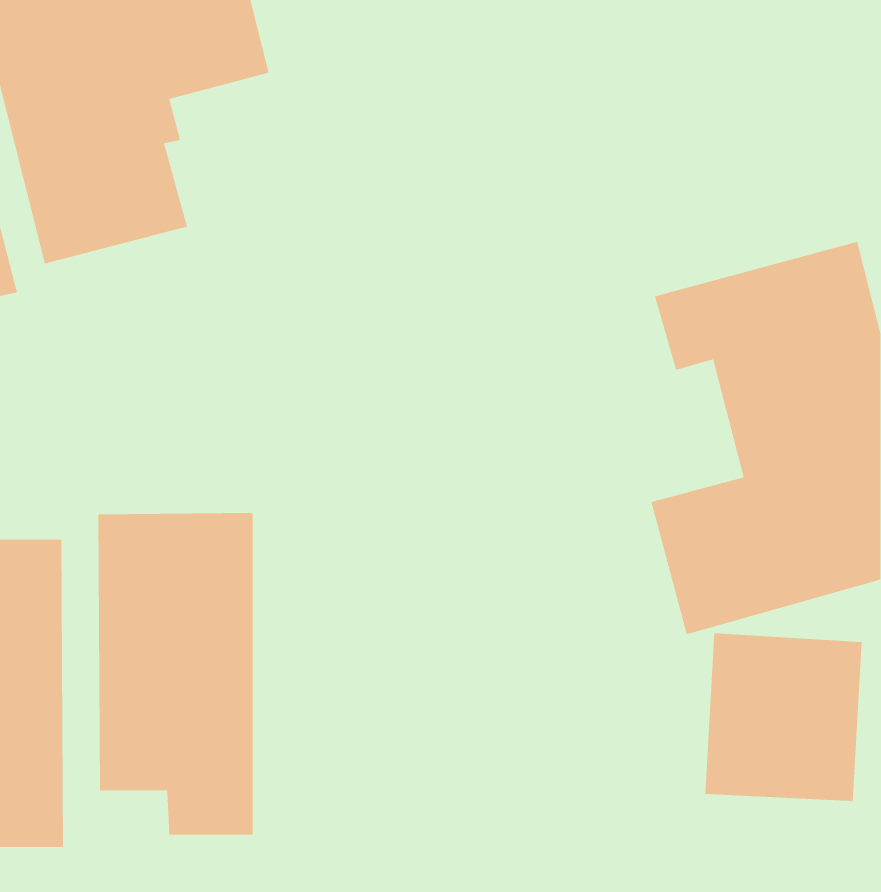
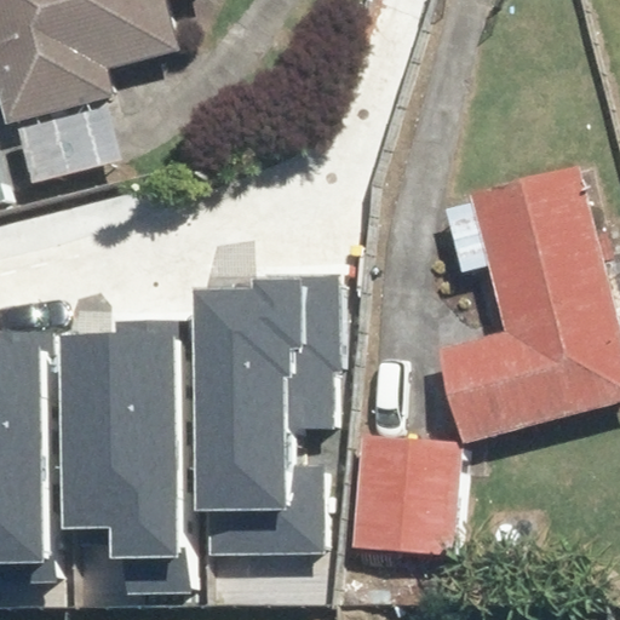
building: none -> [191,303,302,522]
building: [705,633,862,801] -> [351,430,459,545]

